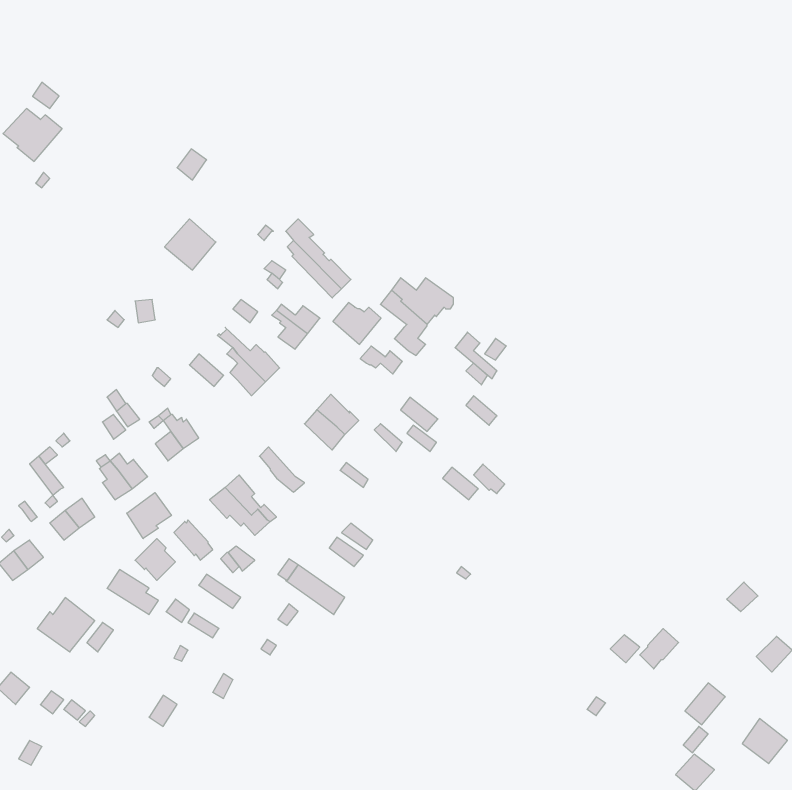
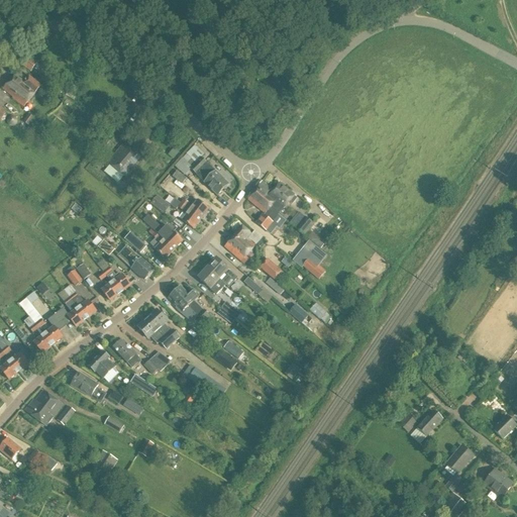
building: [333,303,381,344] -> [224,233,255,261]
building: none -> [119,244,152,279]
building: none -> [175,286,208,318]
building: [127,493,171,539] -> none

